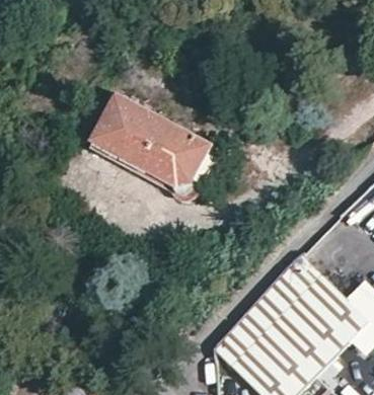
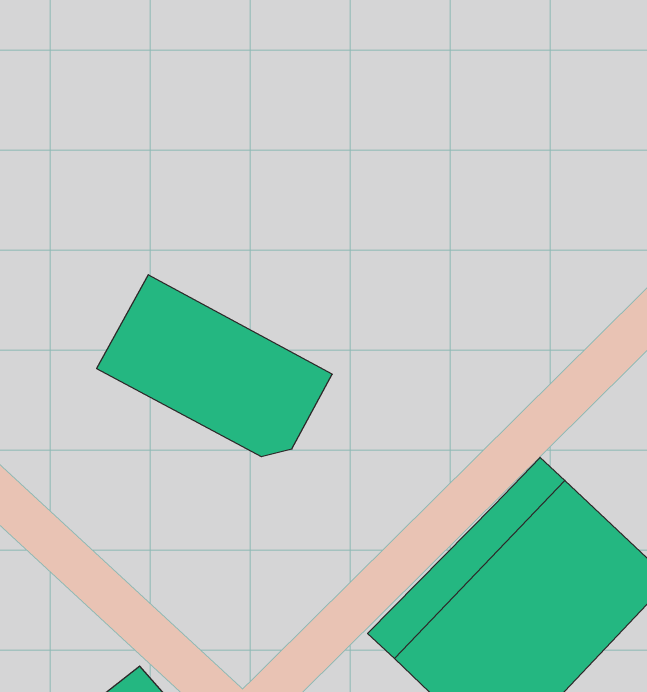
building: [92,95,217,191] -> [97,275,332,457]

